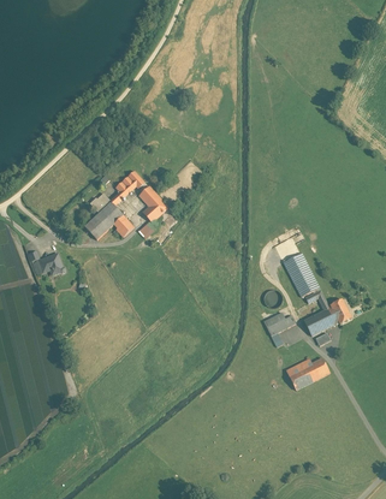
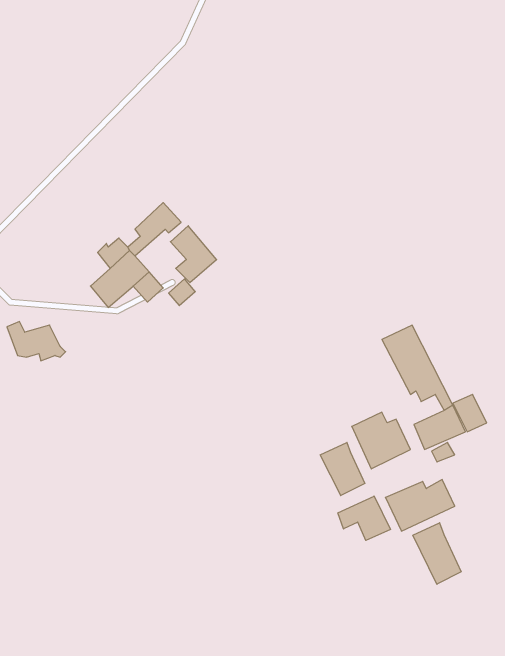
building: none -> [320,442,365,496]
building: none -> [338,496,390,540]
building: none -> [413,523,461,584]

